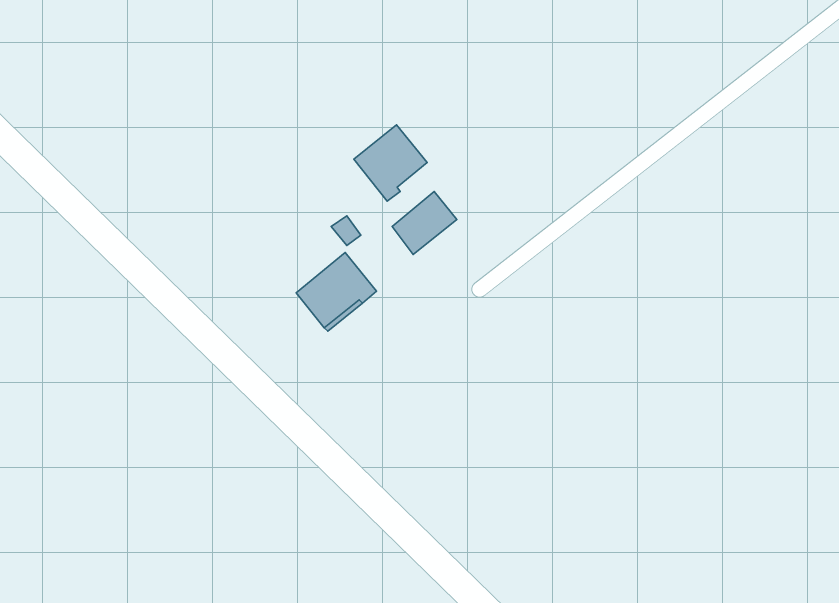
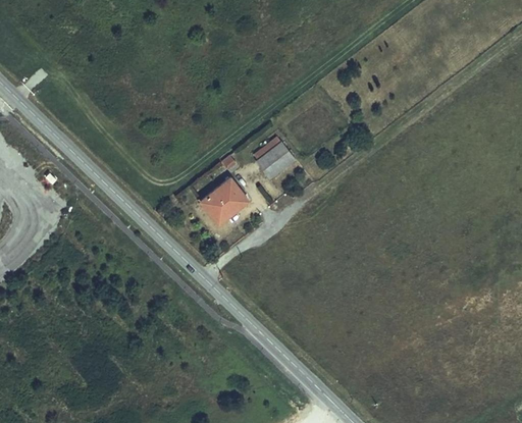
building: [354,125,427,201] -> none

